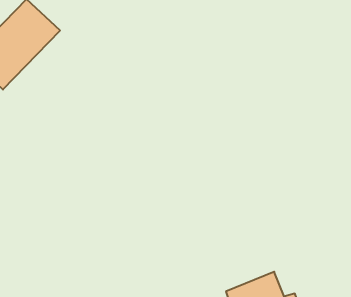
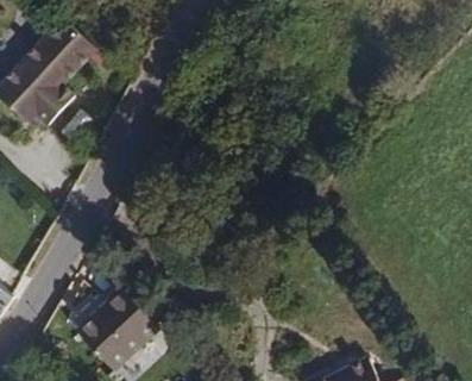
building: none -> [82,275,164,357]

